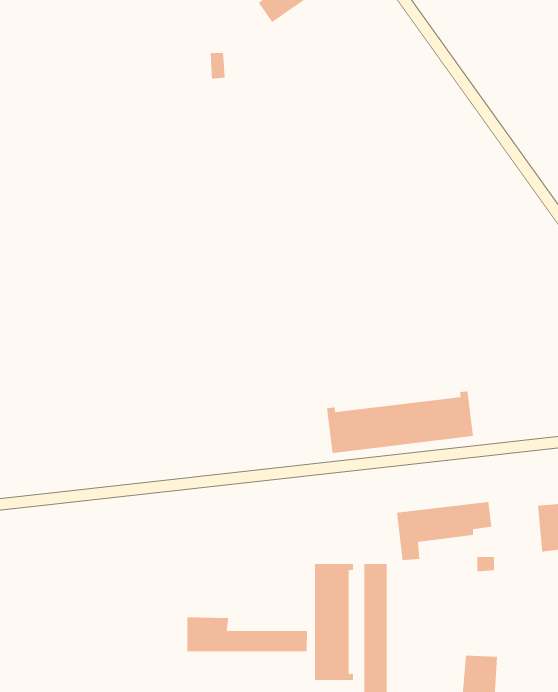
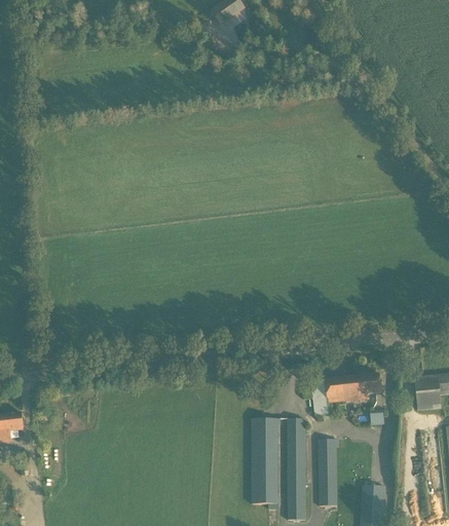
building: [326,391,474,454] -> none
building: none -> [317,439,337,506]
building: [187,616,308,652] -> none

